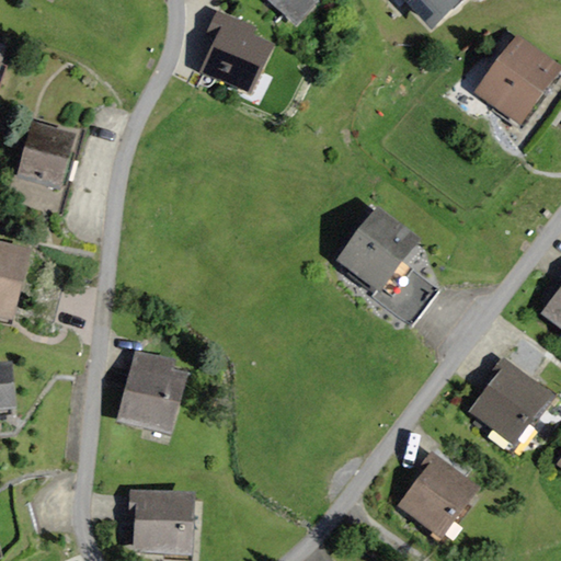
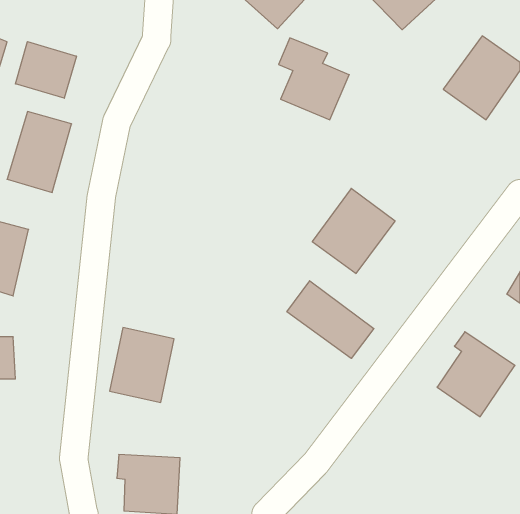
building: [202,10,277,98] -> [279,38,349,120]
building: none -> [15,42,76,98]
building: none -> [287,281,374,358]
building: [399,450,477,535] -> none

